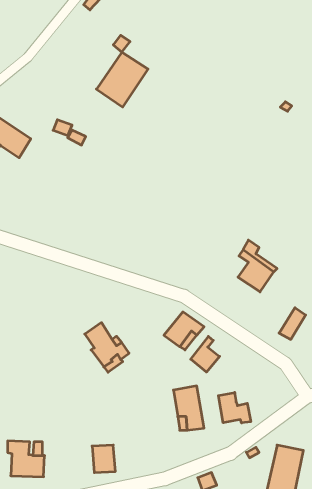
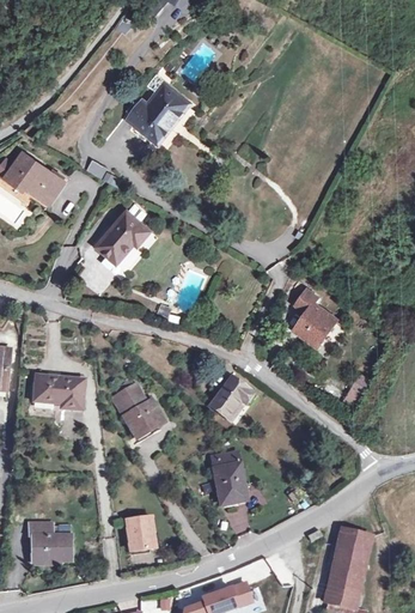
building: none -> [100,216,155,267]
building: none -> [35,377,84,418]
building: [191,336,220,372] -> none
building: [218,392,251,423] -> none

